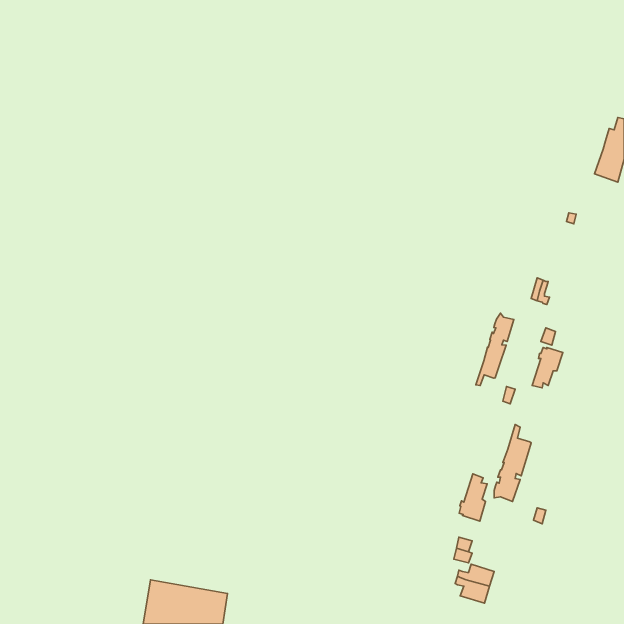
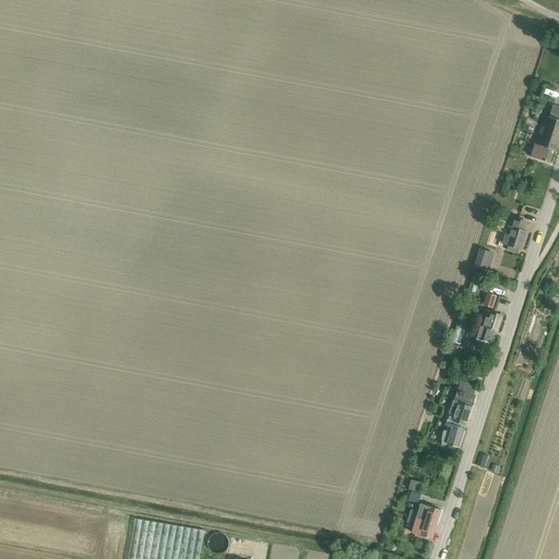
building: none -> [502,217,526,252]
building: [476,313,514,385] -> none
building: [459,474,487,521] -> none

